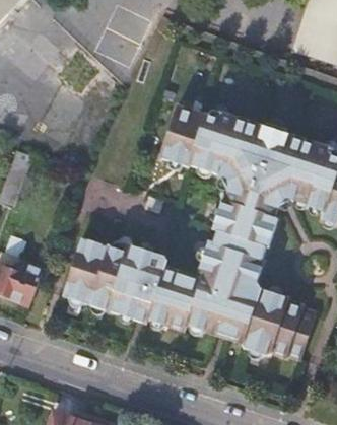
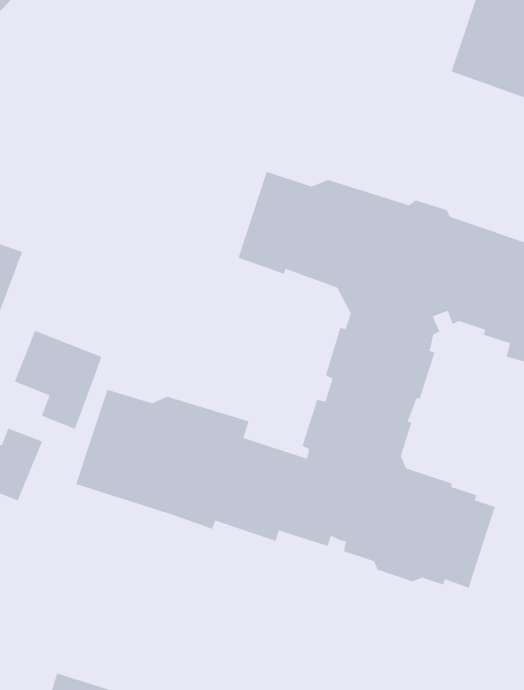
building: none -> [14,330,103,430]

